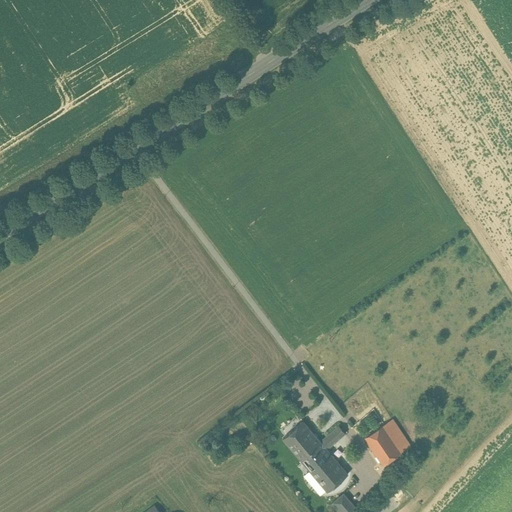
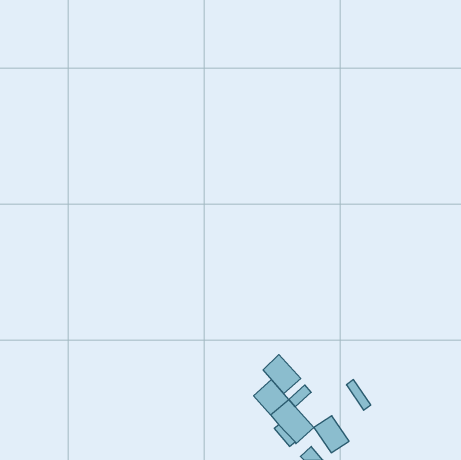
building: none -> [263,355,301,393]
building: [364,426,403,467] -> [314,416,349,453]

